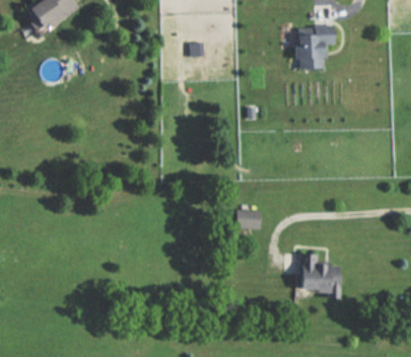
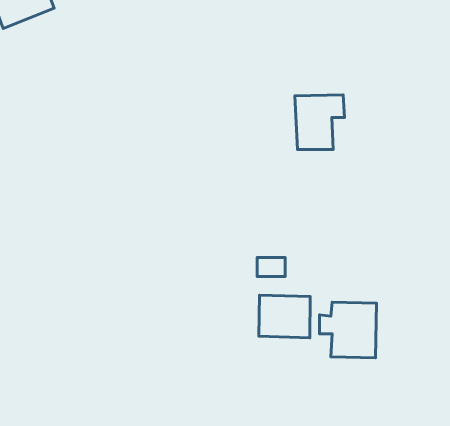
building: [296,26,336,70] -> [295,95,345,149]
building: none -> [259,295,310,338]

